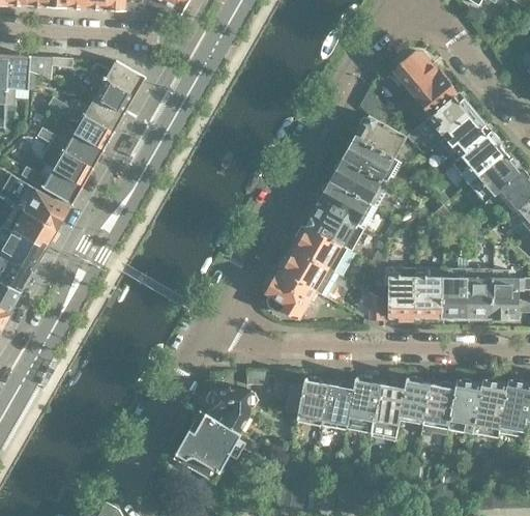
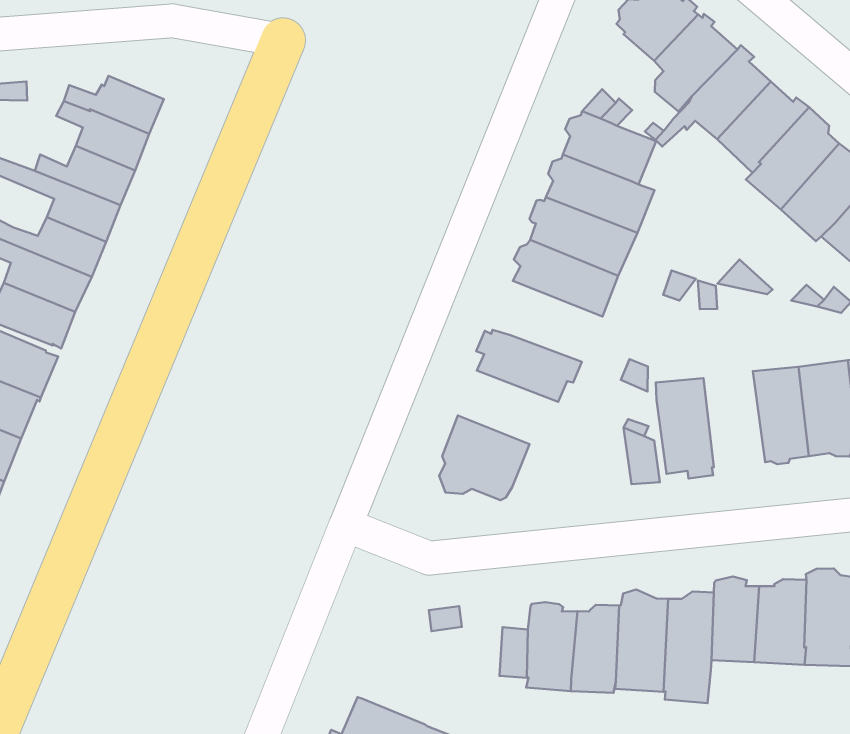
building: [303,201,363,251] -> none
building: [276,247,338,295] -> none
building: [412,267,440,321] -> none
building: [205,389,257,433] -> none

